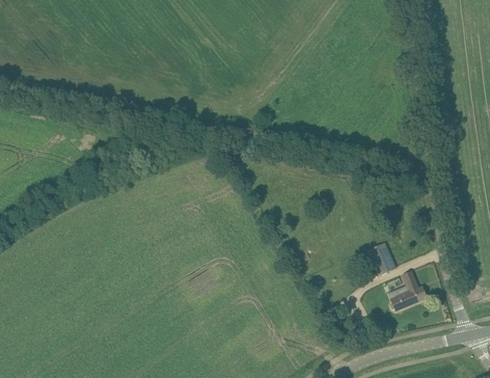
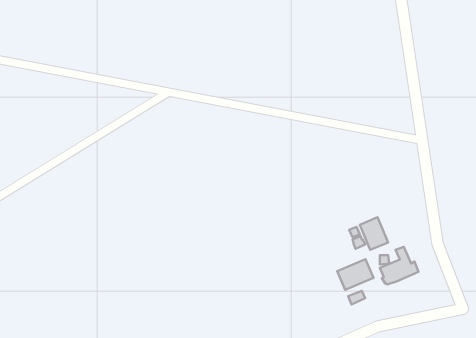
building: none -> [337,259,373,290]

